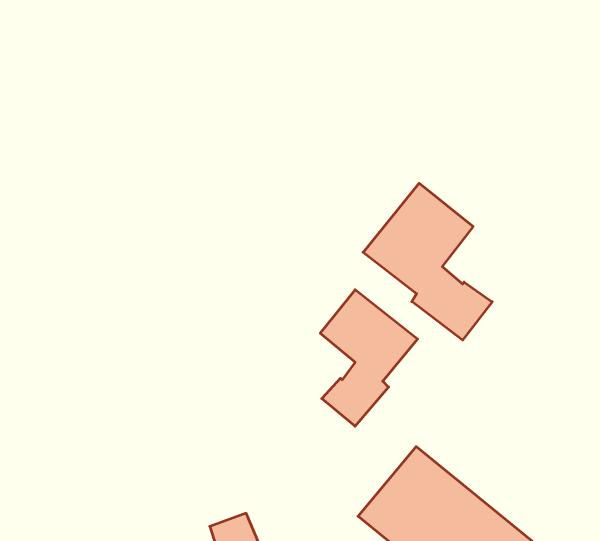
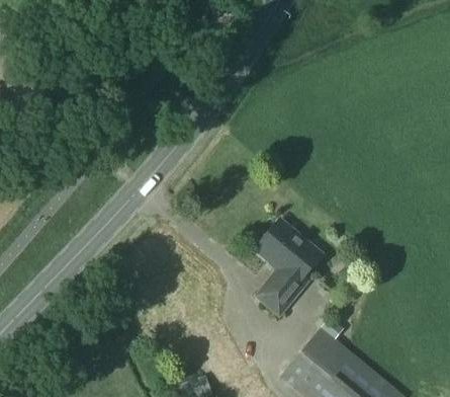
building: [363,183,492,340] -> none

